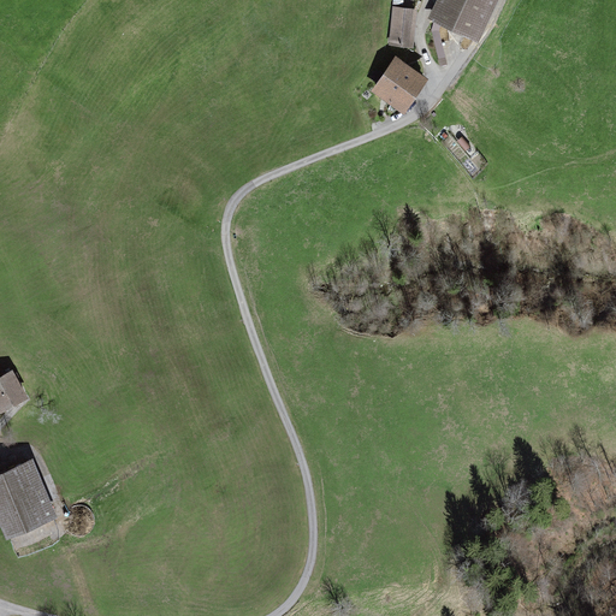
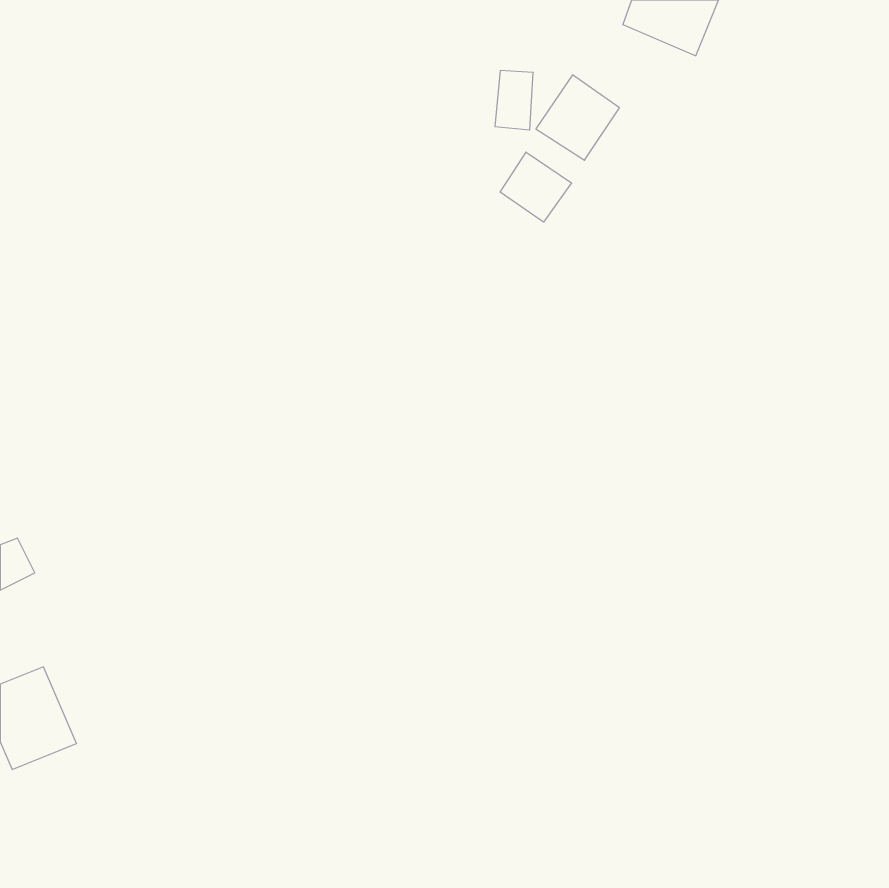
building: [390,6,416,47] -> [495,71,533,130]
building: none -> [500,152,571,222]

